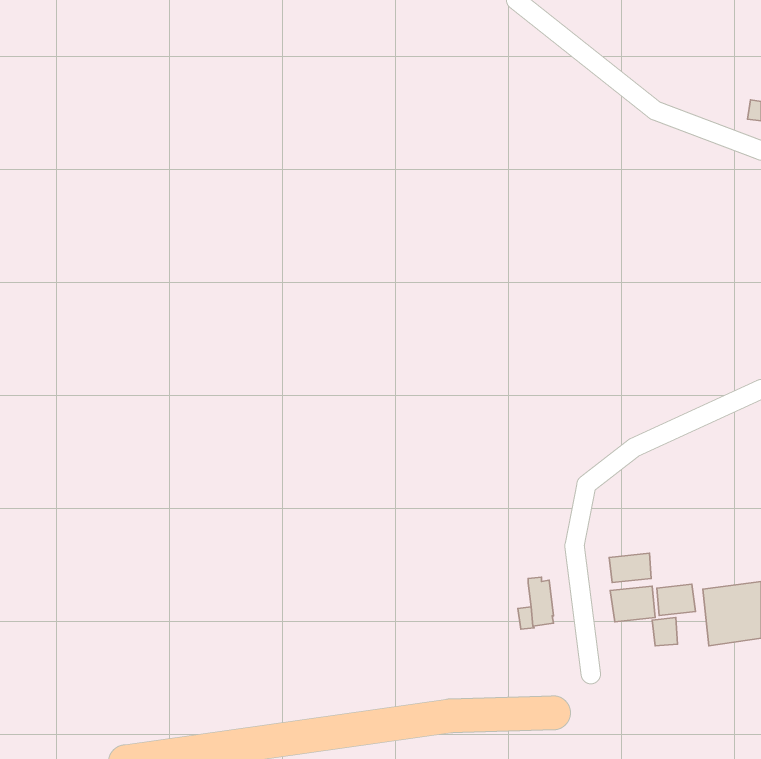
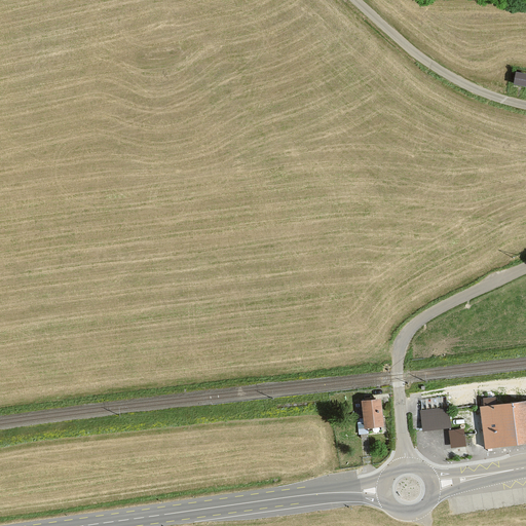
building: [609,553,651,582] -> none
building: [657,584,695,616] -> none

